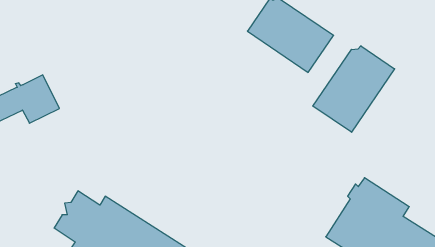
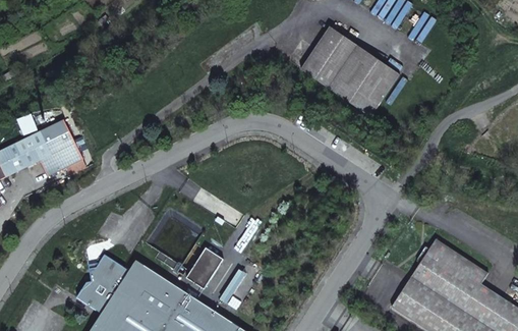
building: [313,46,395,132] -> none
building: none -> [186,249,223,289]

